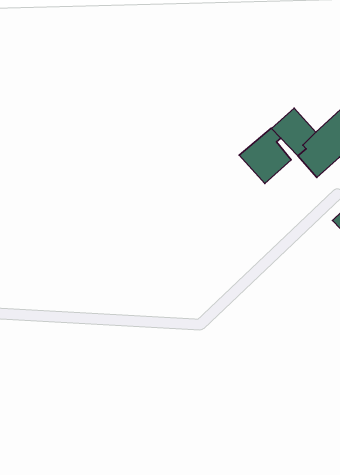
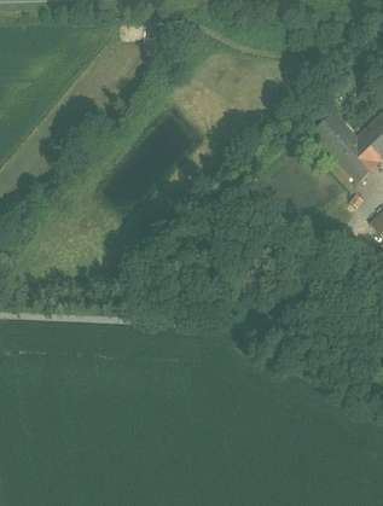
building: [239,128,291,183] -> none

